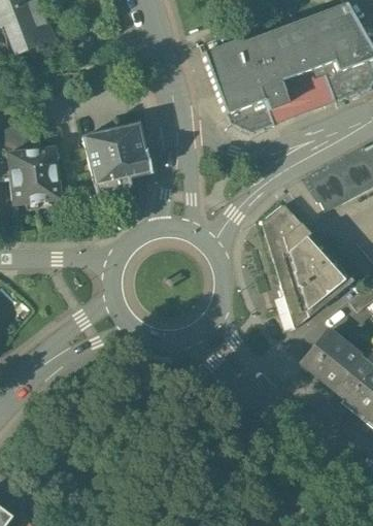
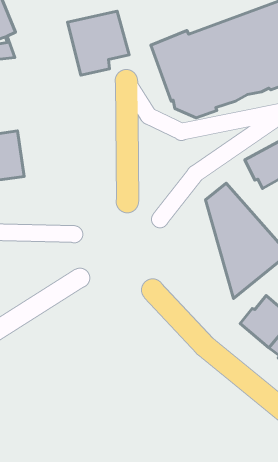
building: [83,123,151,194] -> [68,11,129,75]

